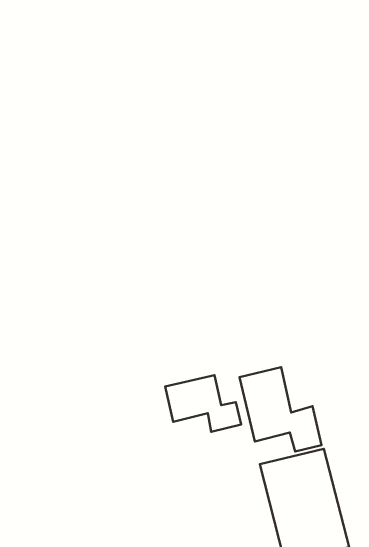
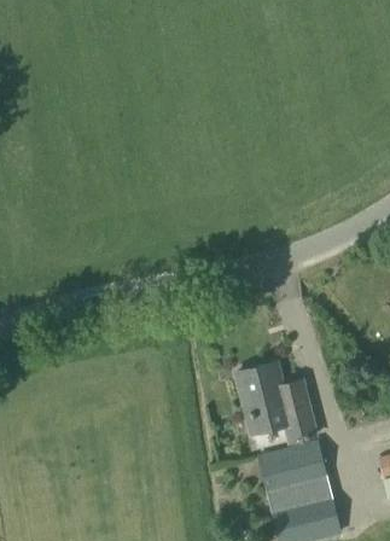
building: [165,375,241,432] -> none

